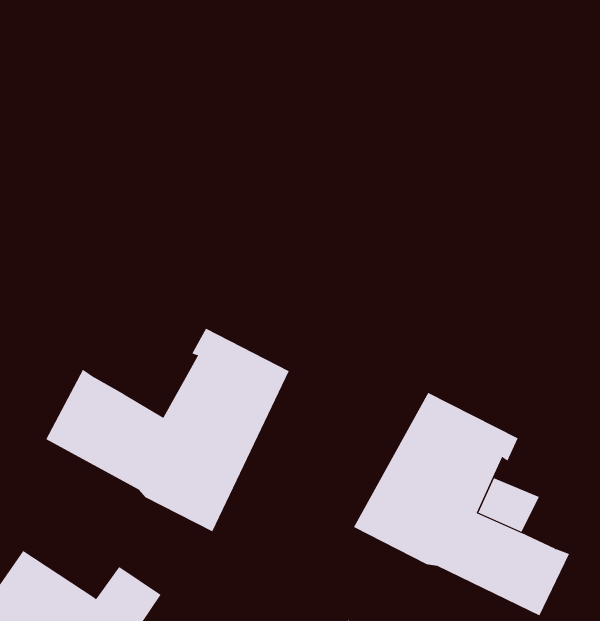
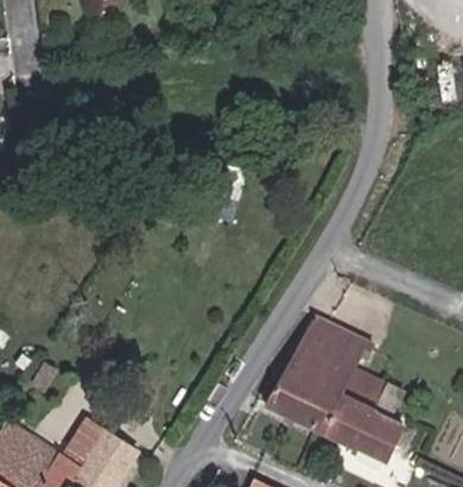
building: [46,328,289,532] -> none

